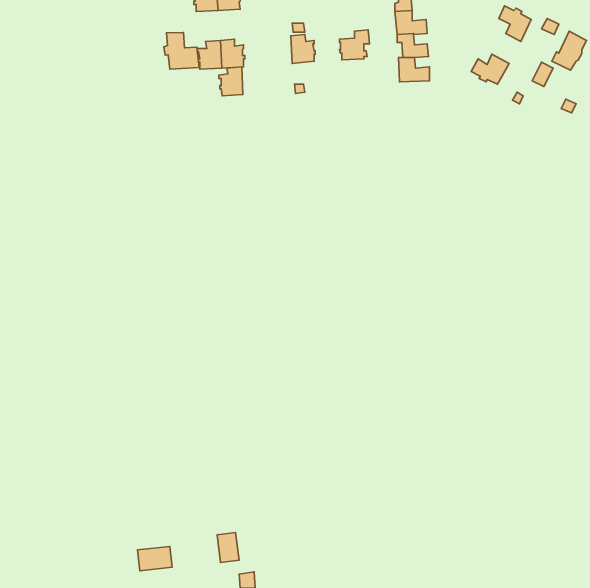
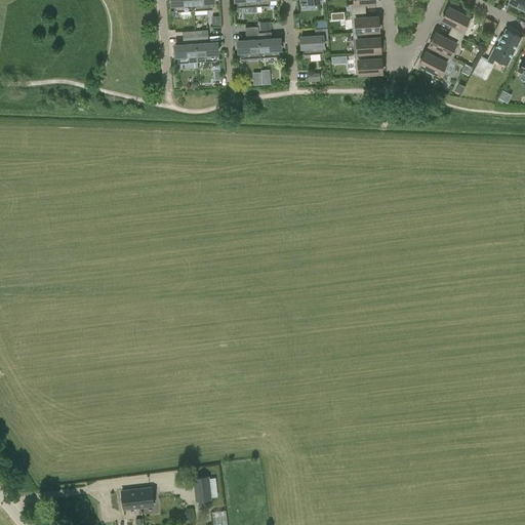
building: [164,32,199,69] -> none
building: none -> [429,30,462,56]
building: [219,67,243,96] -> [238,32,259,57]

